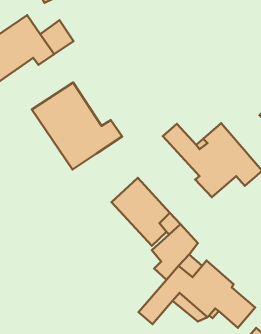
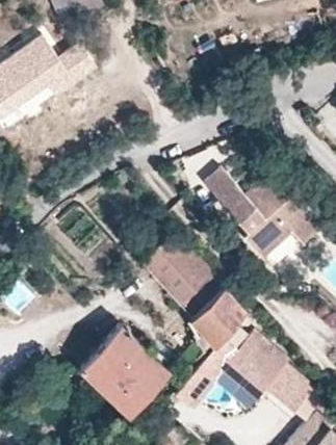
building: [32,82,122,170] -> none
building: none -> [78,319,167,409]

